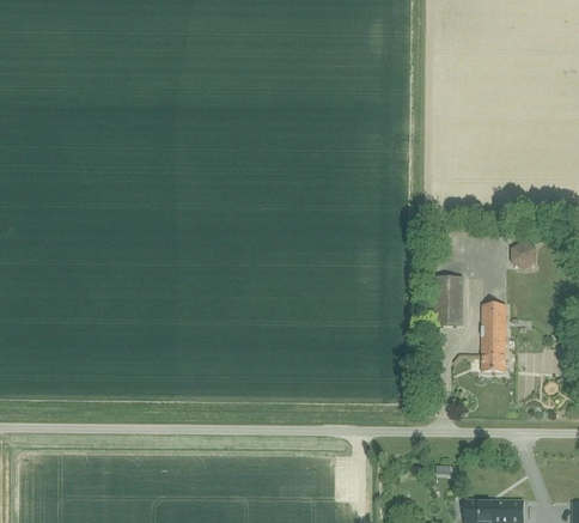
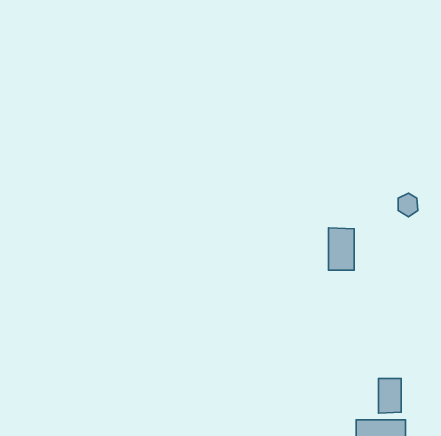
building: [481,304,506,371] -> none
building: none -> [379,378,401,413]

